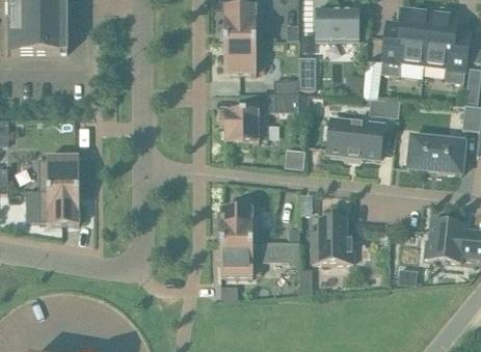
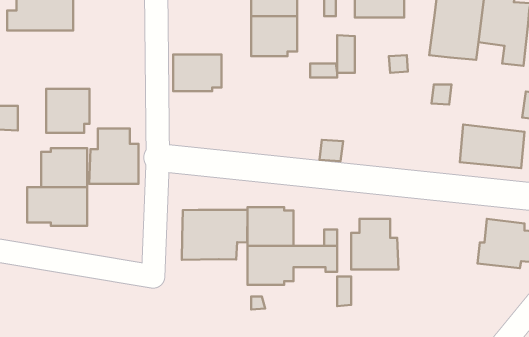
building: [274,92,305,110] -> none
building: none -> [46,89,89,133]
building: [223,109,266,141] -> [173,55,222,91]
building: [326,117,382,158] -> none
building: none -> [89,128,139,184]
building: none -> [182,210,248,260]

